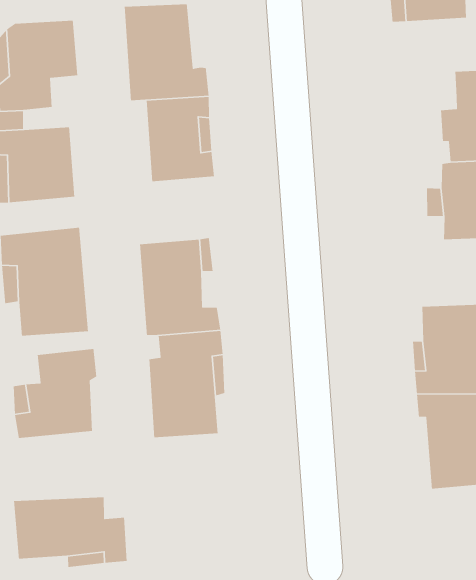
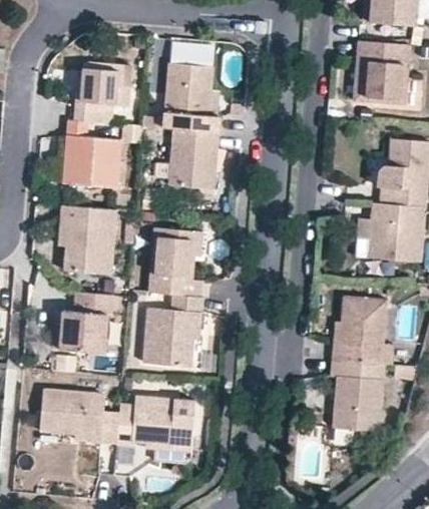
building: none -> [114,400,193,456]

